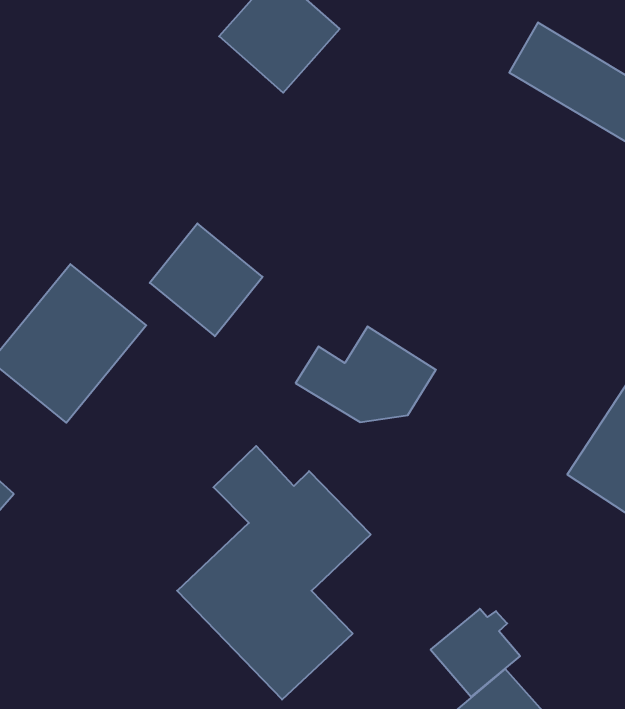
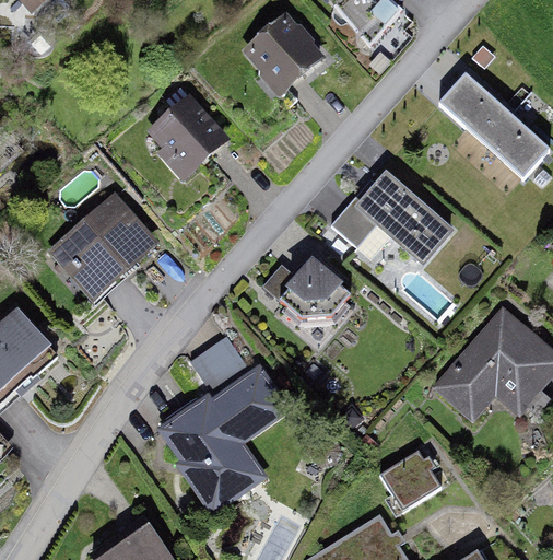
building: none -> [326,180,460,272]
building: [150,223,263,336] -> [149,93,227,173]
building: [431,609,520,697] -> [379,452,440,512]

